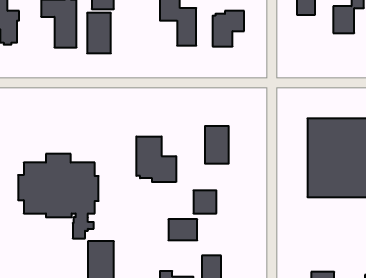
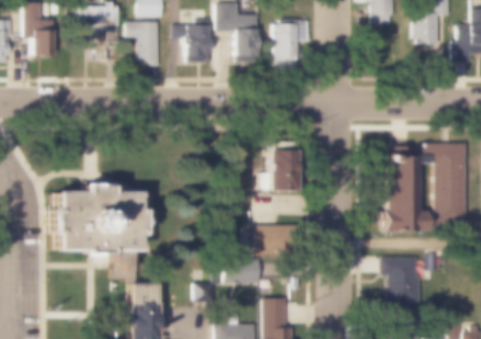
building: none -> [173,24,209,63]
building: [136,136,176,182] -> none
building: none -> [381,257,419,303]

